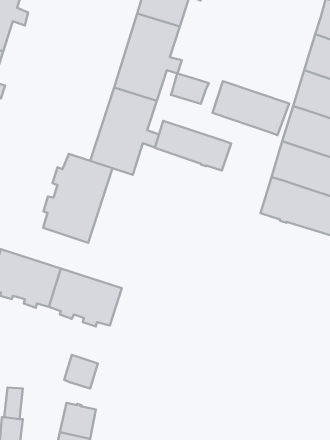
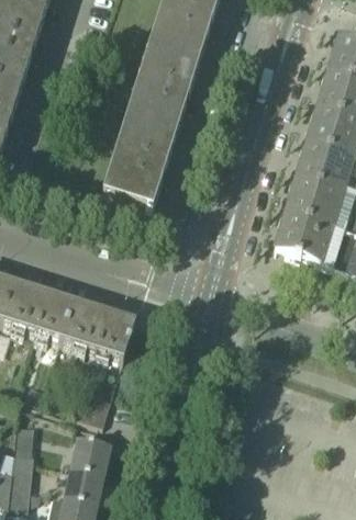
building: [171,73,209,104] -> none
building: [213,81,289,135] -> none
building: [155,121,231,170] -> none
building: [43,154,113,243] -> none

